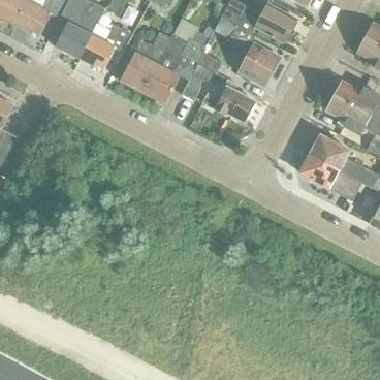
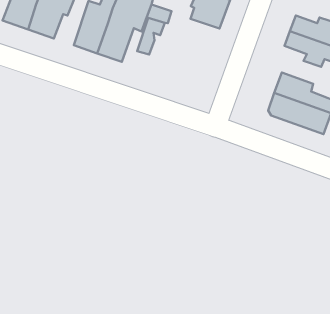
building: [202,77,256,122] -> none

